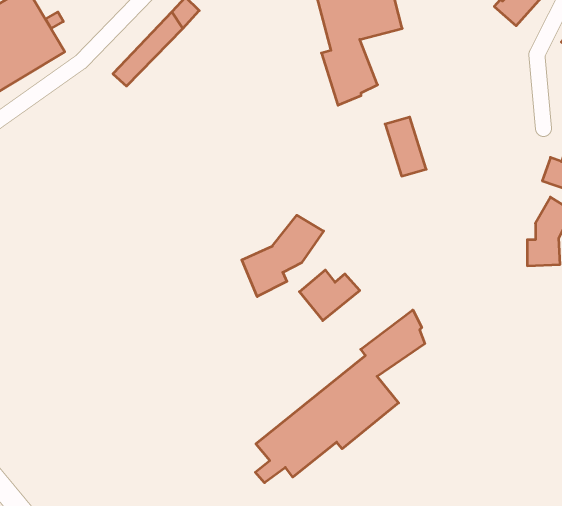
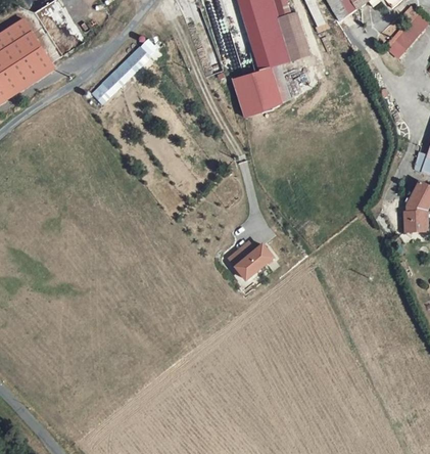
building: [385,117,426,176] -> [231,75,261,119]
building: [242,215,324,297] -> none
building: [255,310,425,483] -> none

